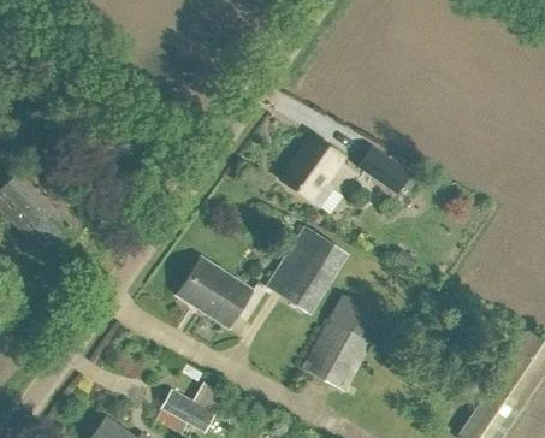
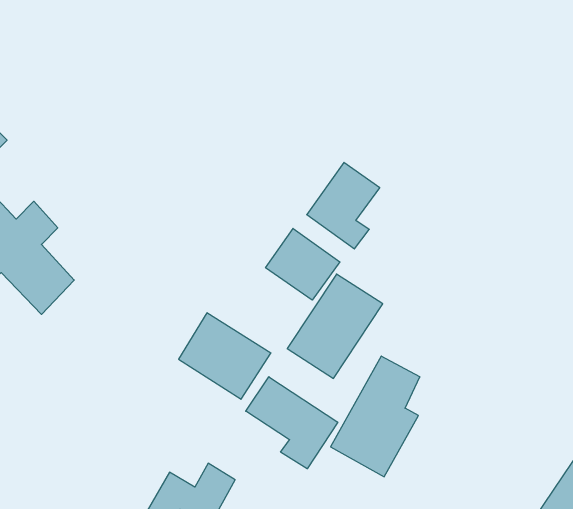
building: [355,143,411,194] -> none
building: none -> [266,228,340,300]
building: none -> [246,377,338,469]

